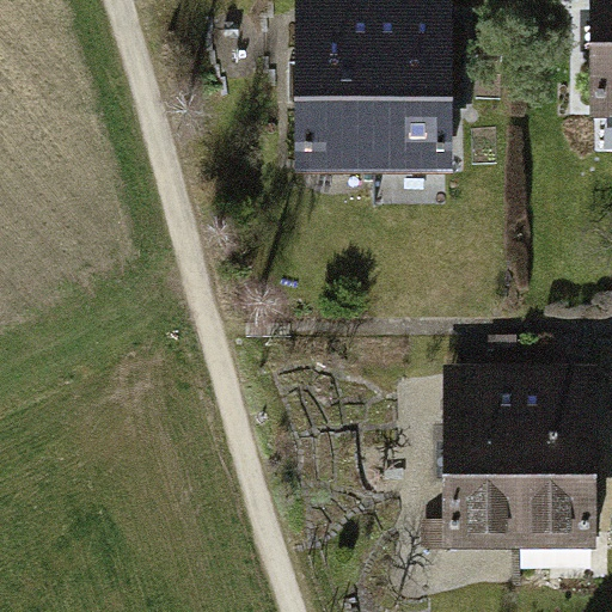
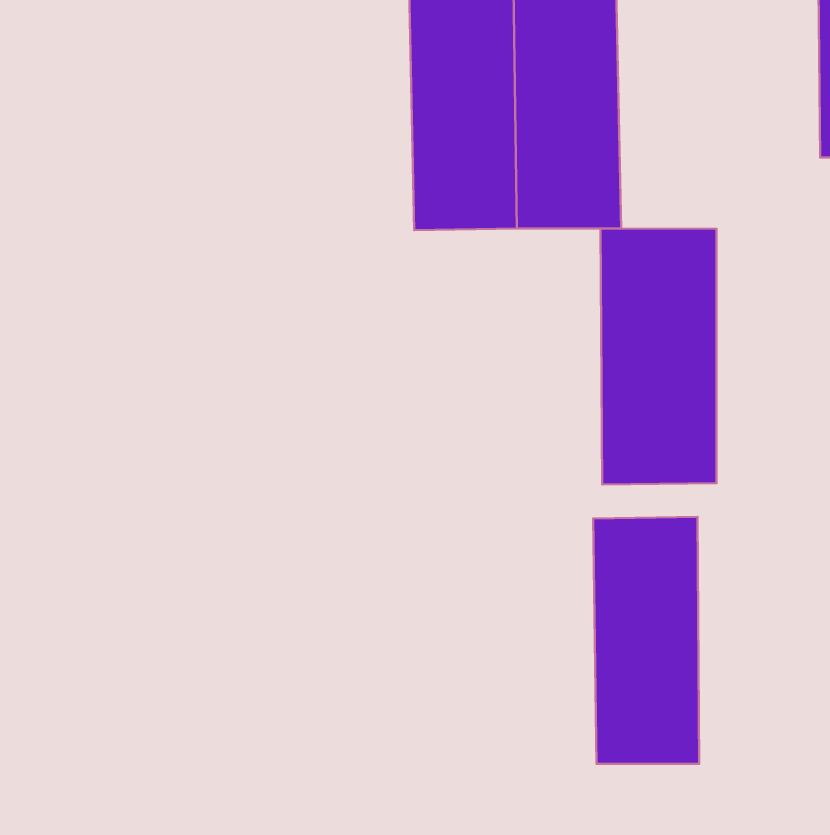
building: none -> [600,229,717,485]
building: [515,373,592,551] -> none

